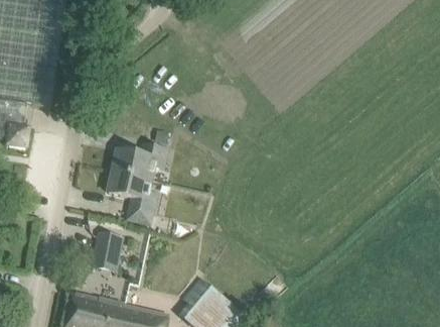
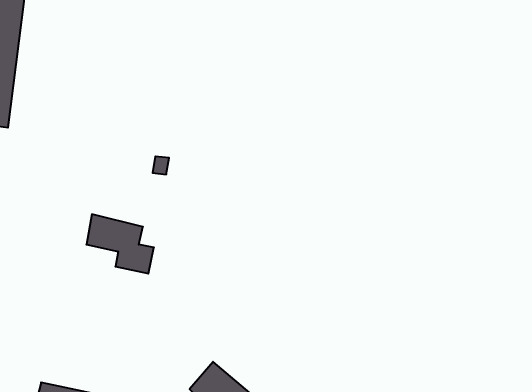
building: [112,144,167,180] -> none
building: [92,233,122,263] -> none

